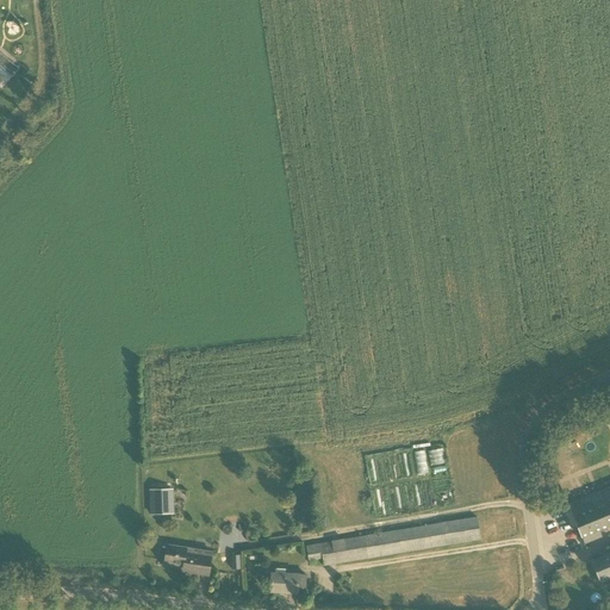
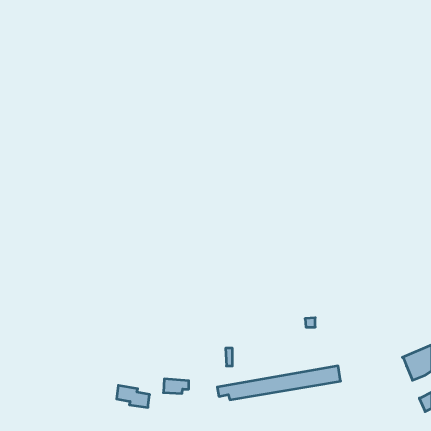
building: [150,490,175,513] -> none
building: [272,572,307,592] -> [163,379,189,393]

